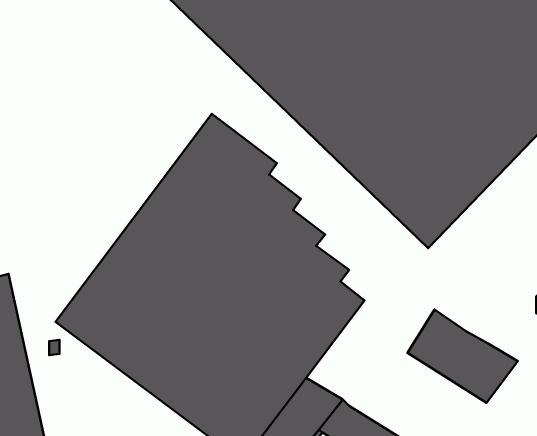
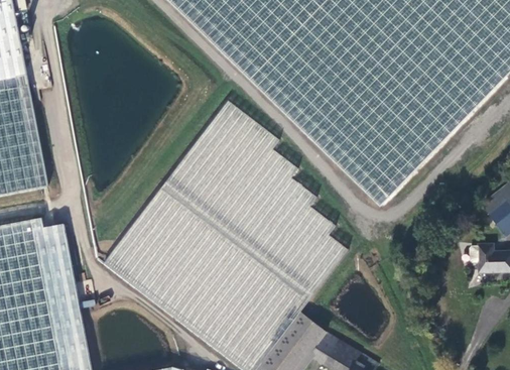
building: [407,309,518,403] -> none

